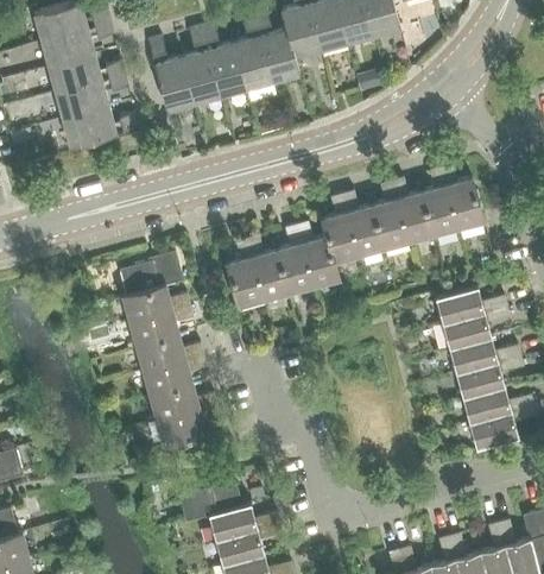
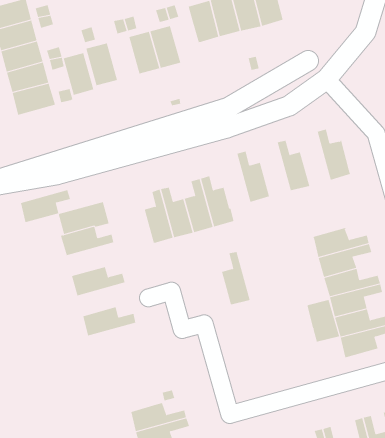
building: [259,30,299,83] -> none
building: [181,51,220,105] -> [63,52,94,95]
building: [420,169,457,236] -> none
building: [371,182,407,250] -> none
building: [321,196,358,264] -> [221,251,251,306]
building: [129,307,192,348] -> [20,189,71,223]
building: [143,357,205,398] -> none
building: none -> [307,299,340,343]
building: [156,406,220,449] -> none
building: [178,482,241,524] -> none

